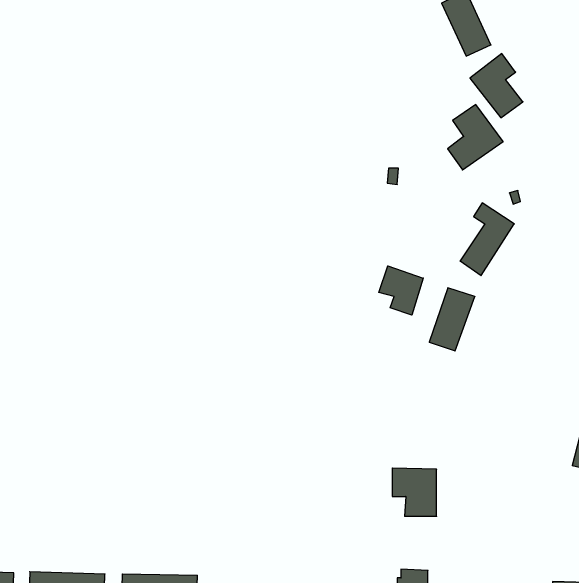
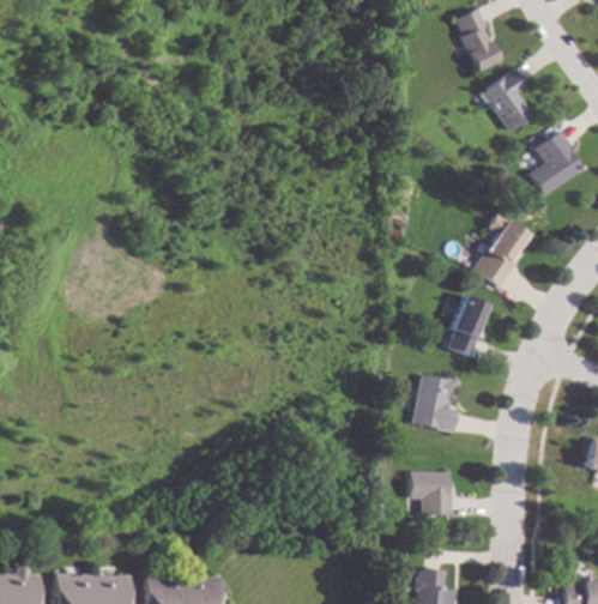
building: [448,105,503,170] -> [530,132,584,195]
building: [379,266,423,315] -> none
building: none -> [412,376,458,433]

